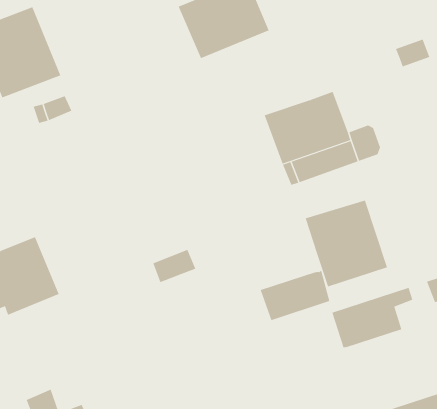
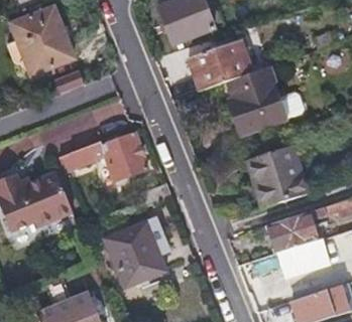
building: none -> [188,39,252,92]
building: none -> [58,131,147,179]
building: [260,270,330,321] -> [277,237,328,274]
building: none -> [105,217,167,286]

